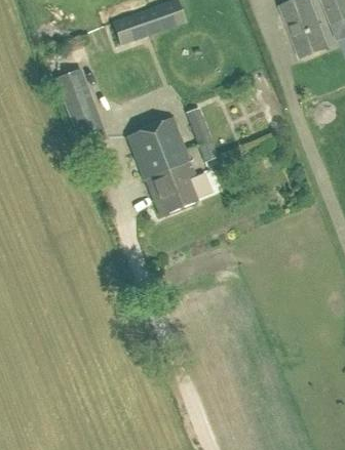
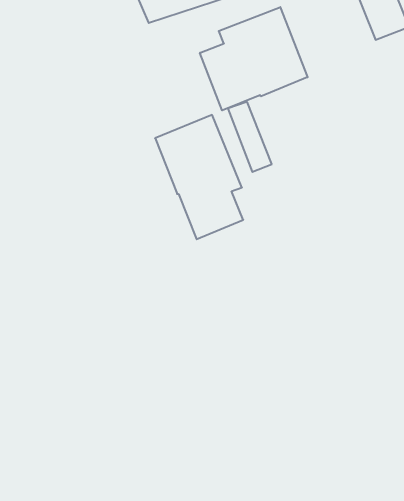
building: none -> [200,7,308,110]
building: [54,68,108,147] -> none

